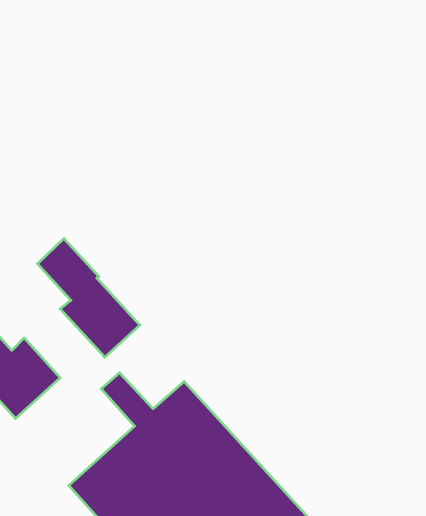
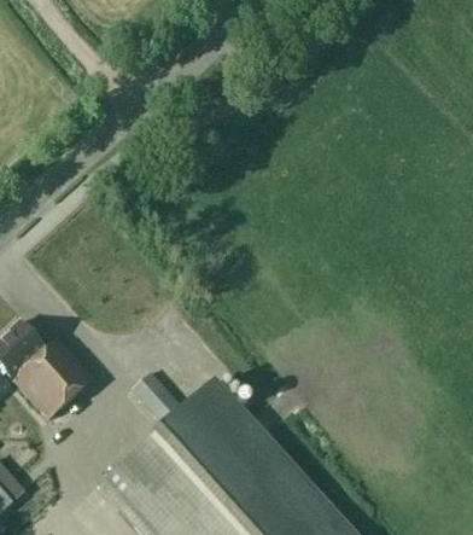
building: [37,238,140,357] -> none

